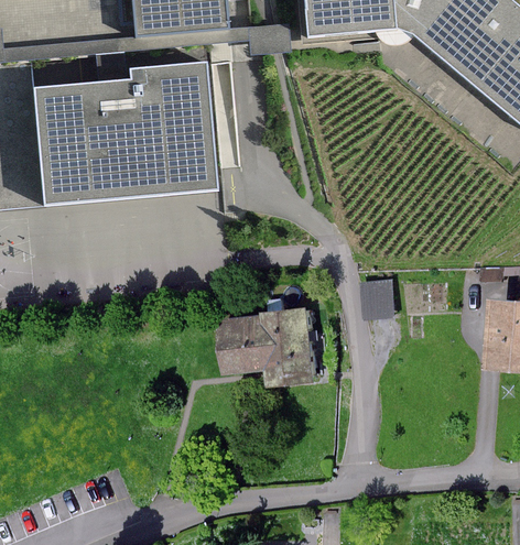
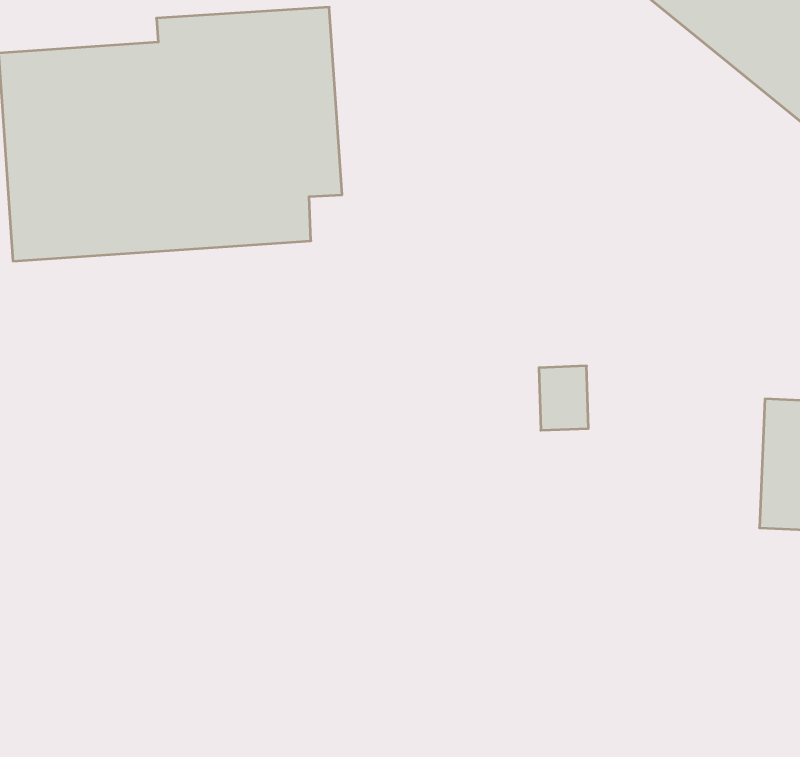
building: [227,306,314,380] -> none

